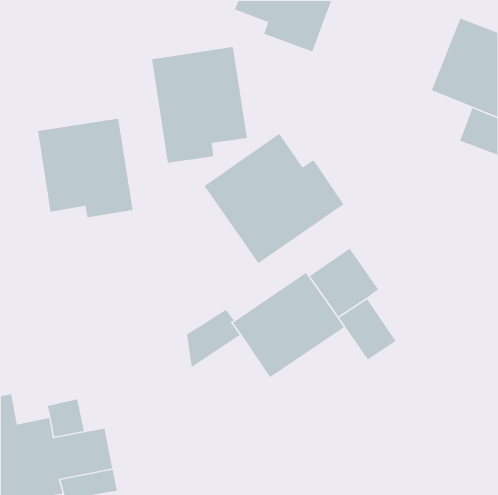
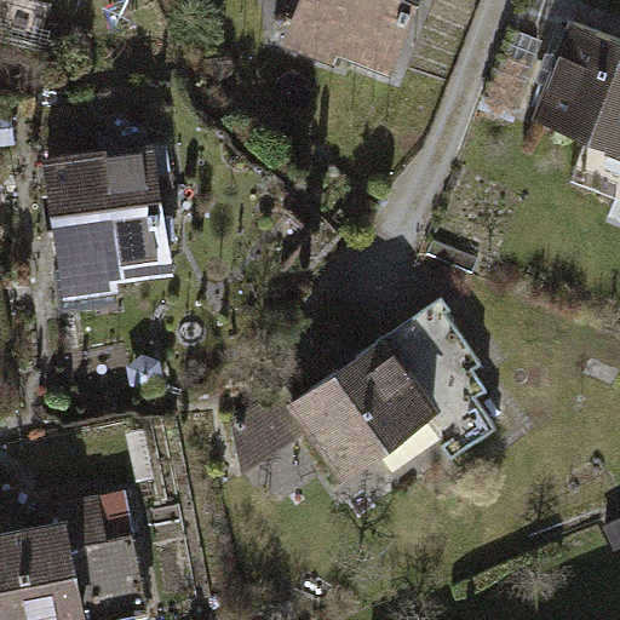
building: [151,46,248,163] -> none
building: [203,133,345,264] -> none

